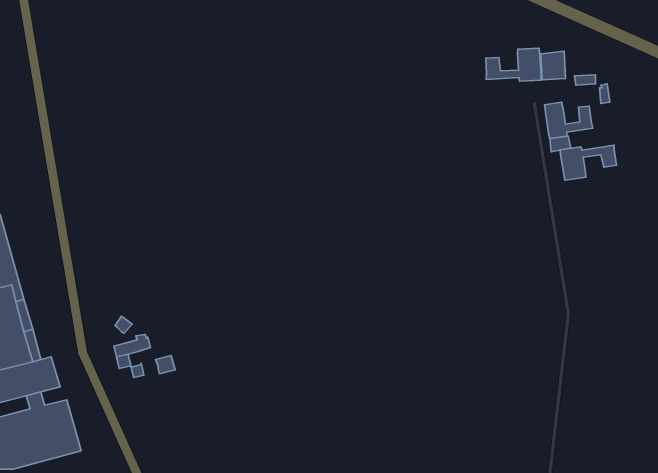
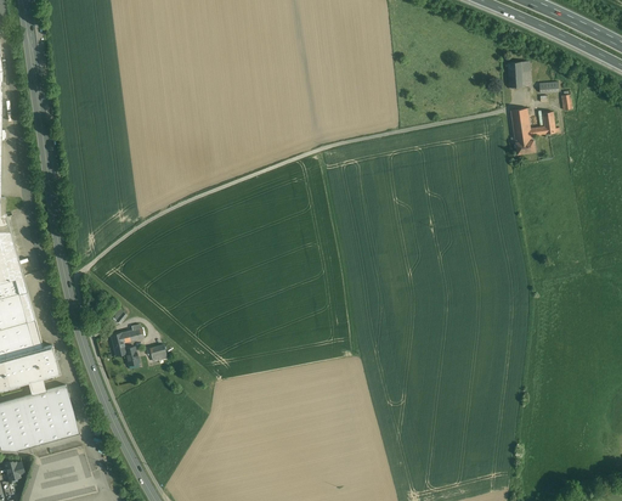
building: [486,48,541,81] -> none
building: [560,145,617,180] -> none

